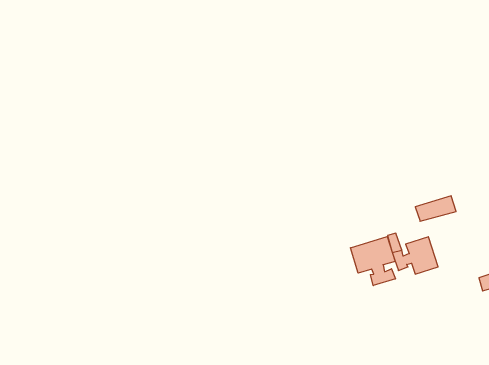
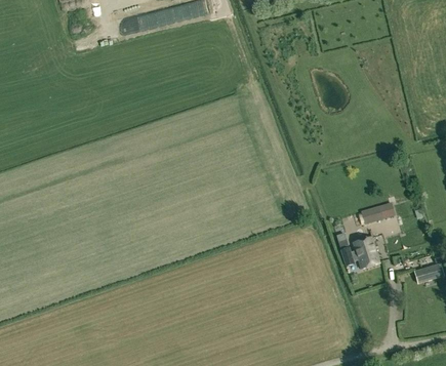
building: [350,236,395,286] -> none

